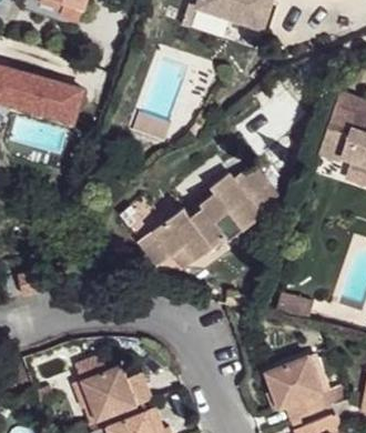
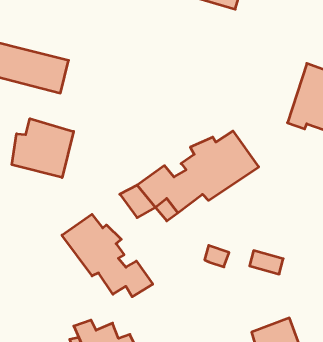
building: none -> [12,119,74,178]
building: none -> [62,214,153,297]

